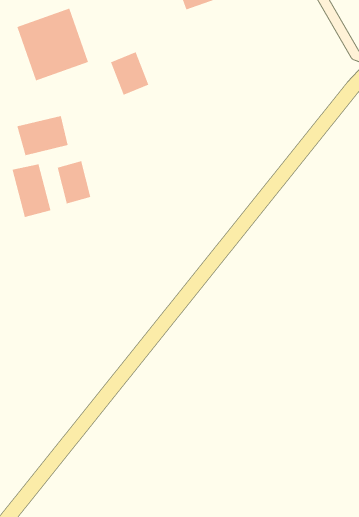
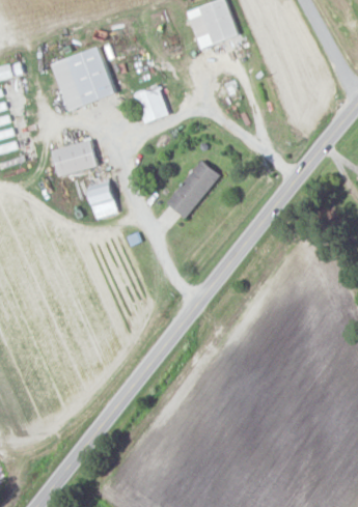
building: none -> [166,159,220,217]
building: [12,163,51,218] -> none

